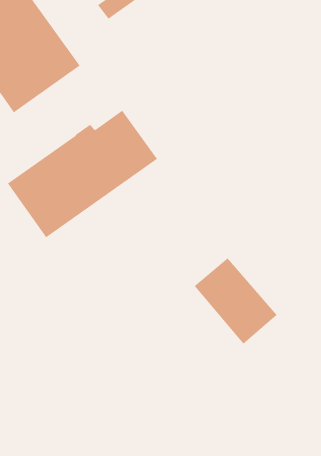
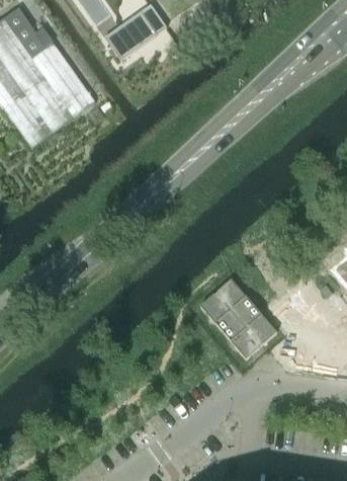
building: [7,110,158,238] -> none

